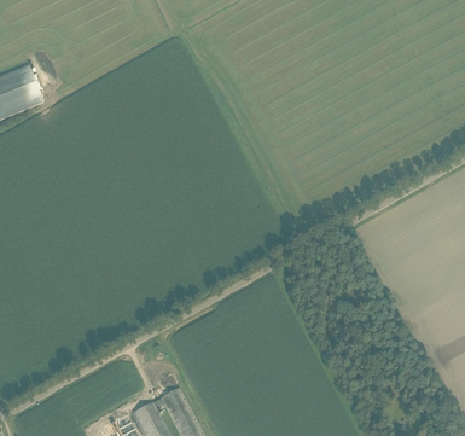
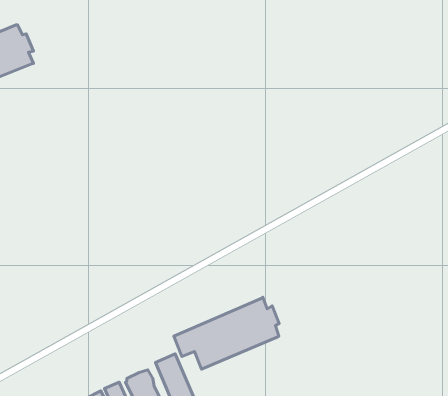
building: none -> [174,297,279,369]

